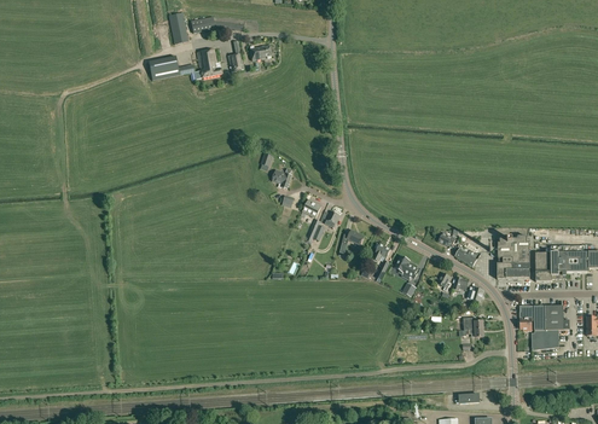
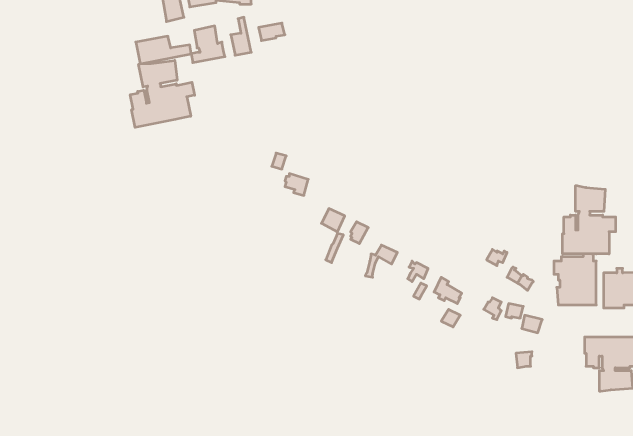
building: none -> [130,60,195,127]
building: none -> [563,186,616,254]

